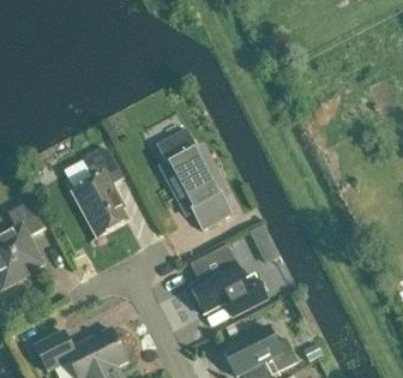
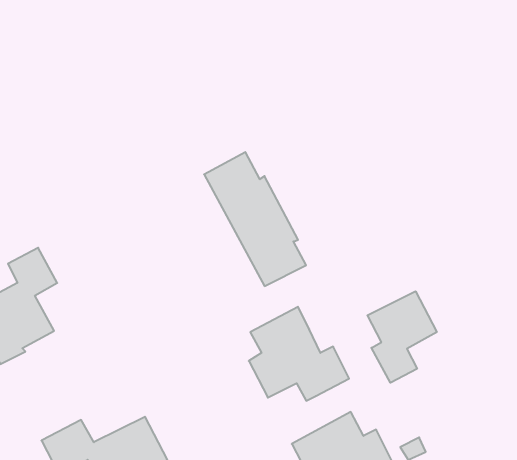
building: [76,148,128,235] -> none
building: none -> [367,291,437,383]

